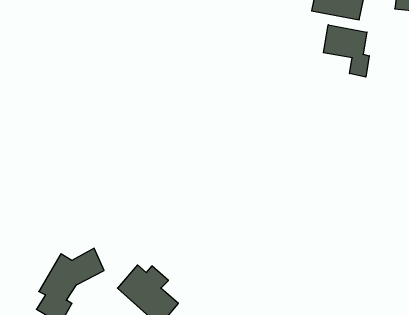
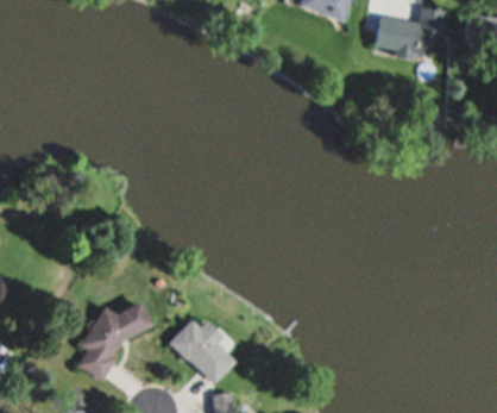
building: [323,25,369,77] -> none

